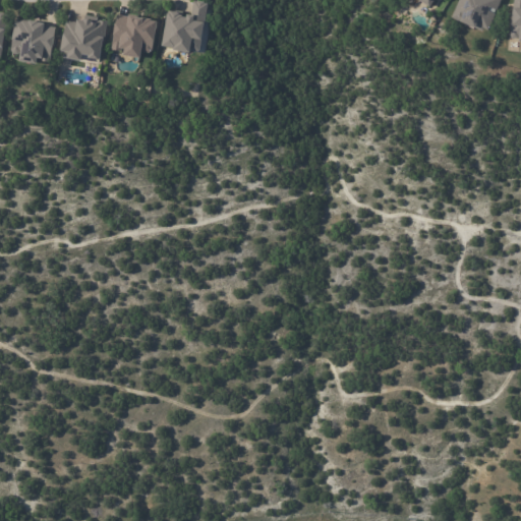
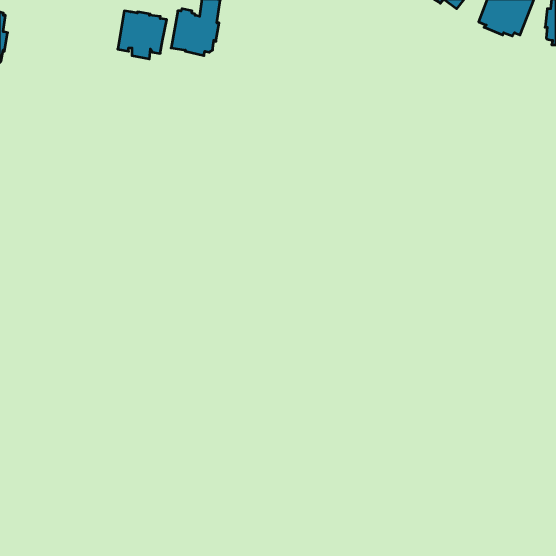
building: [13,21,58,66] -> none
building: [64,21,108,64] -> none

